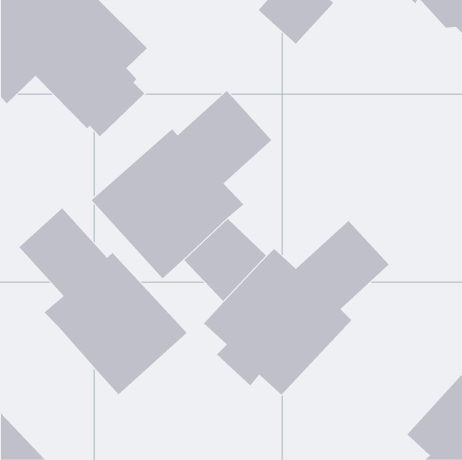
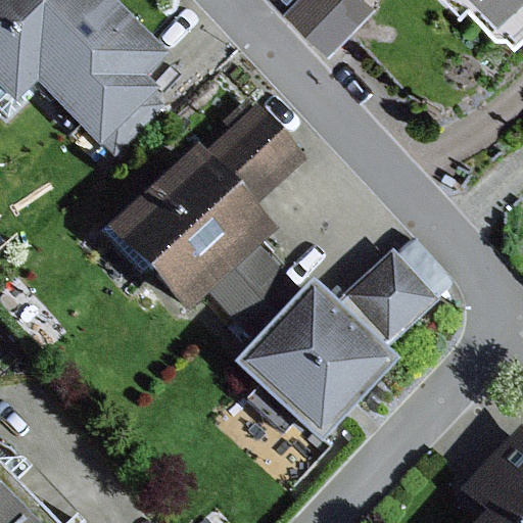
building: [18,208,187,395] -> none

